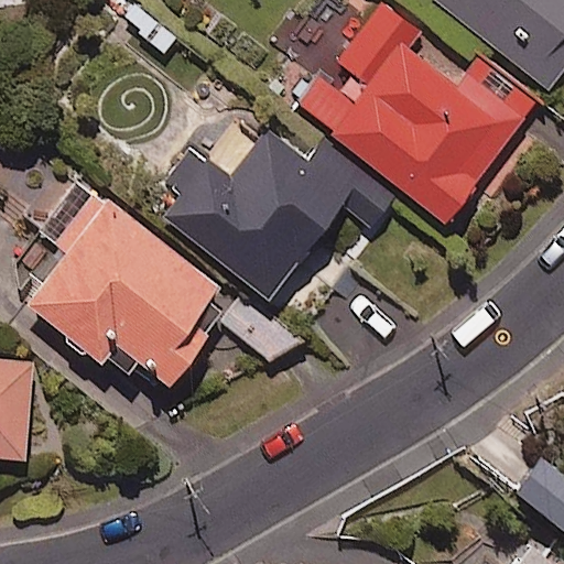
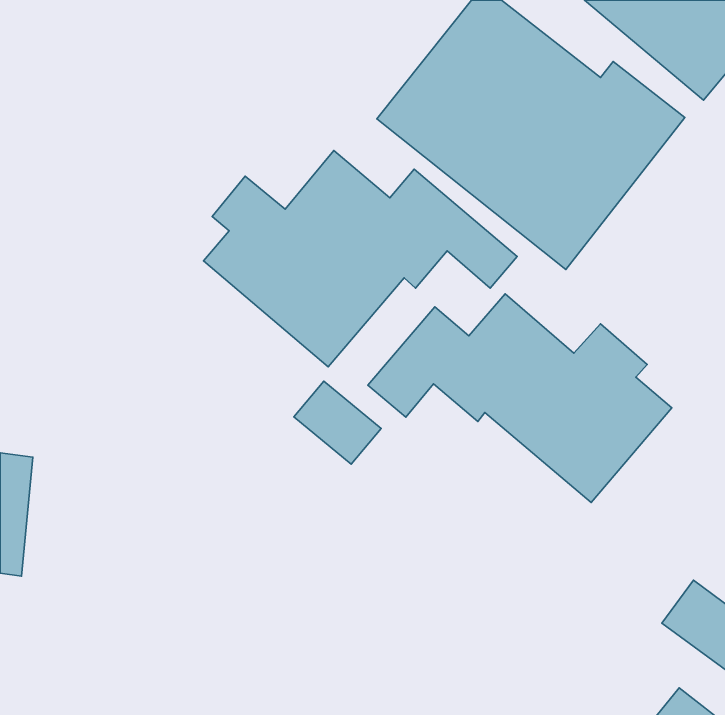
building: [29,195,230,380] -> none
building: none -> [368,294,672,503]

